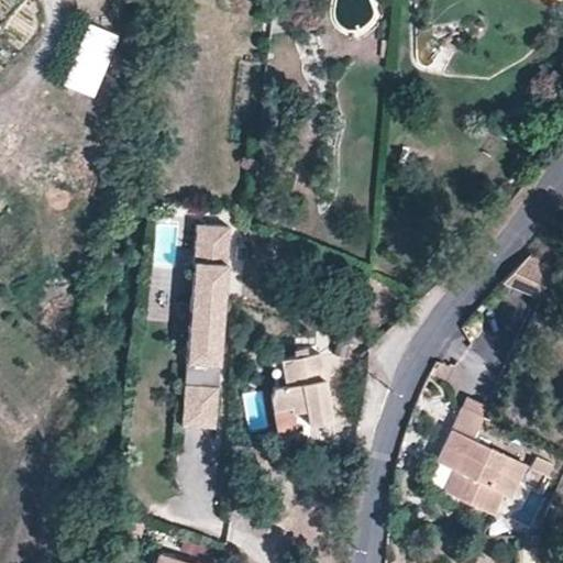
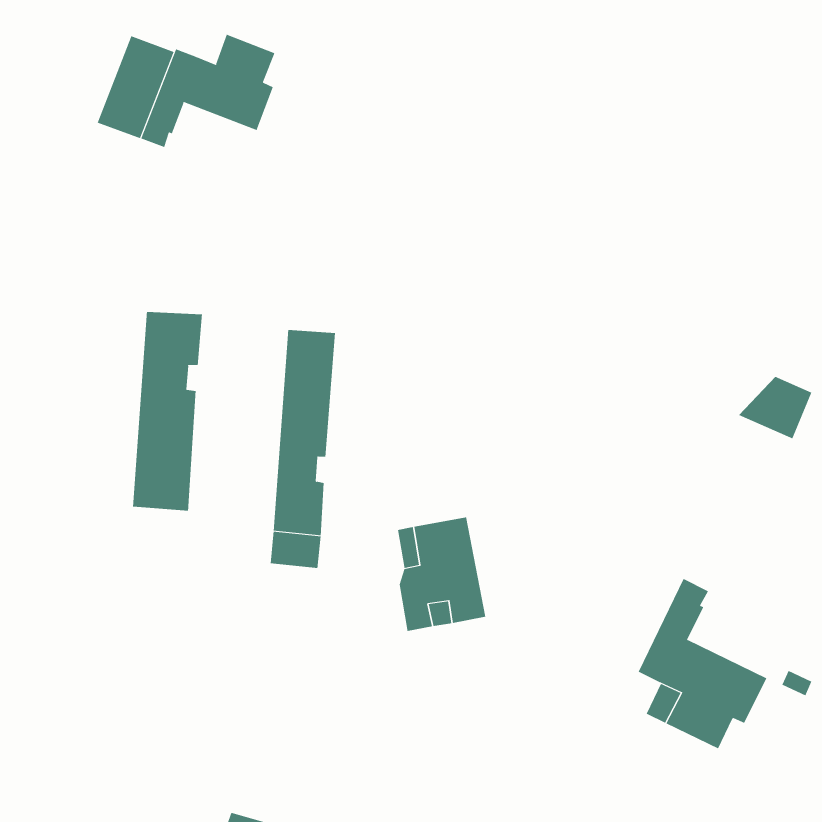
building: none -> [140,34,275,148]
building: none -> [133,311,203,511]
building: [183,386,219,429] -> none

